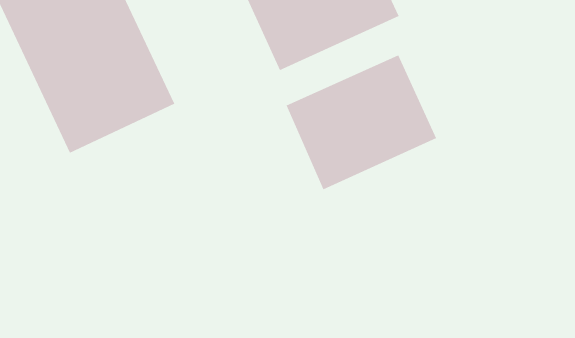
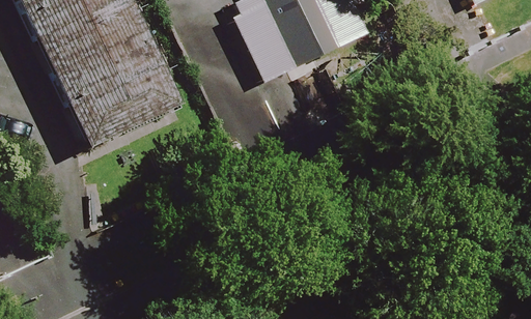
building: [286,54,437,190] -> none

